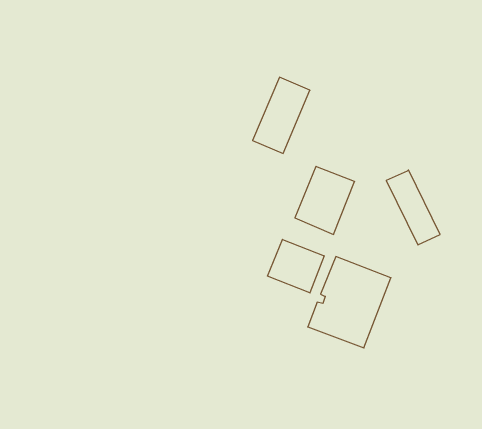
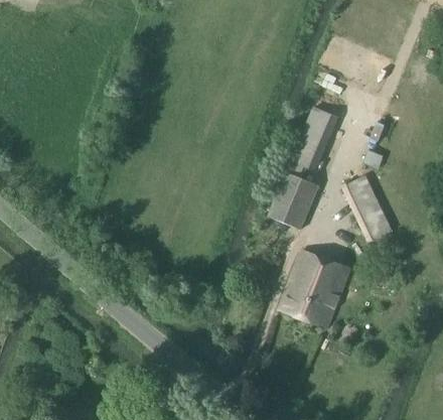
building: [253,77,310,153] -> [289,107,338,172]
building: [268,239,324,293] -> none

